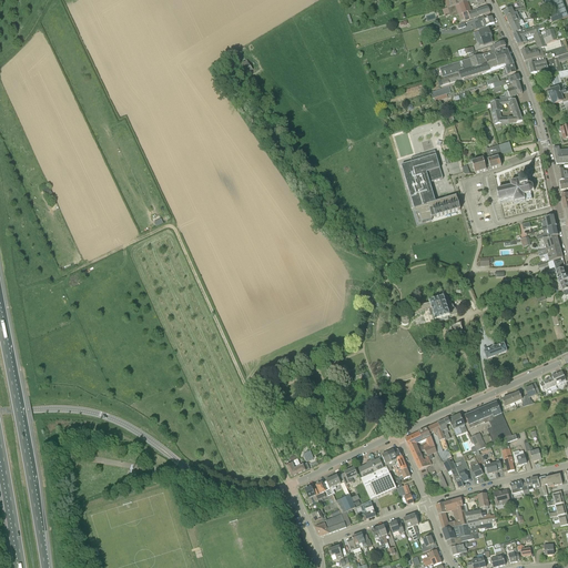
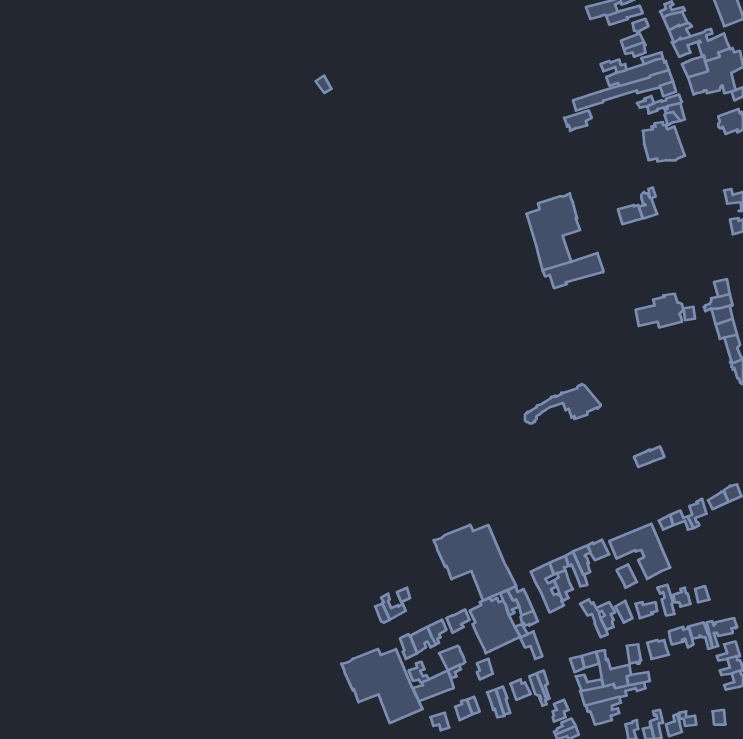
building: [497,175,534,201] -> [636,294,684,327]
building: none -> [434,525,516,601]
building: none -> [341,649,423,723]

